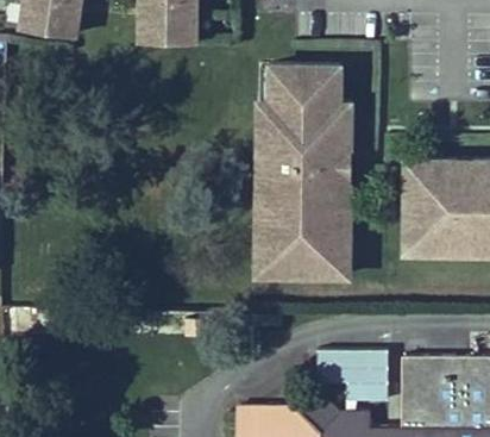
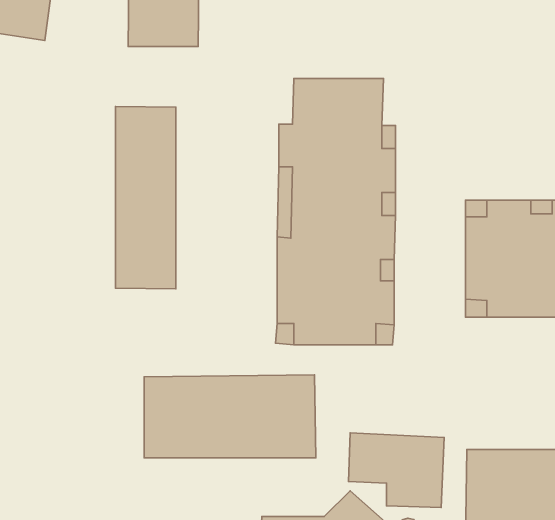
building: none -> [115,106,176,289]
building: none -> [144,375,316,458]

